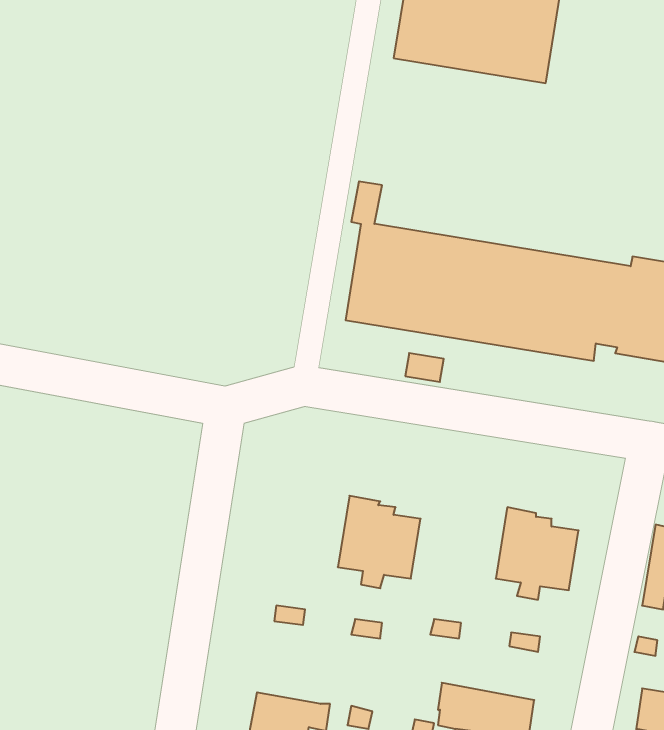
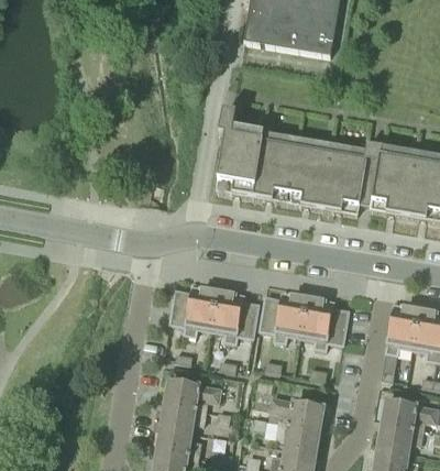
building: none -> [169,285,218,333]
building: none -> [260,292,308,341]
building: none -> [165,377,220,407]

